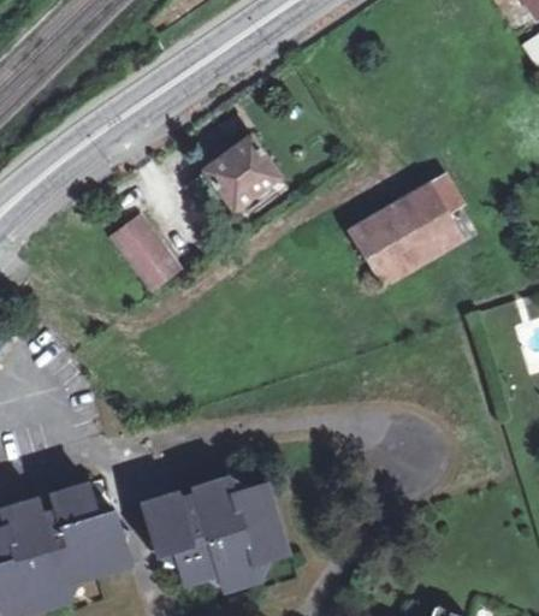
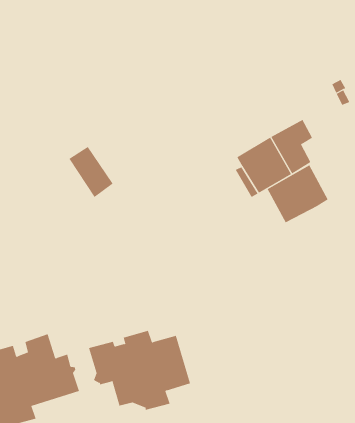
building: [183,136,279,225] -> none
building: none -> [267,165,329,223]

